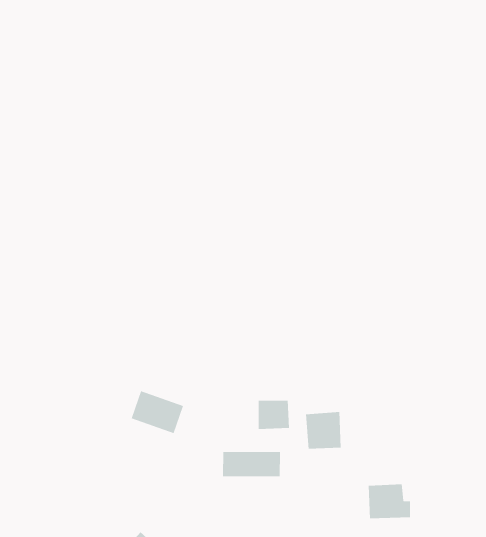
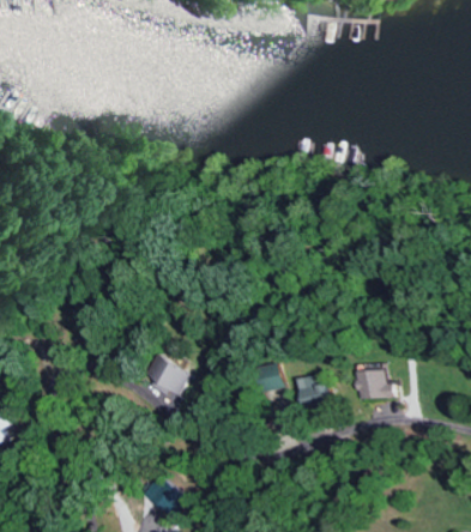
building: [223,451,280,477] -> none
building: [368,484,411,519] -> [358,369,395,399]

